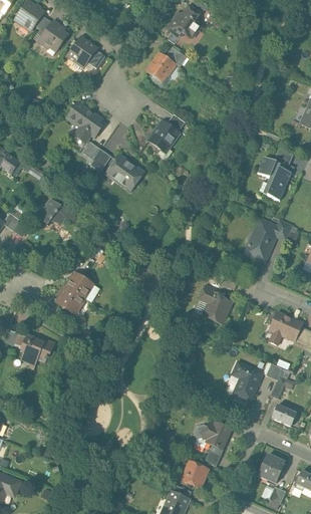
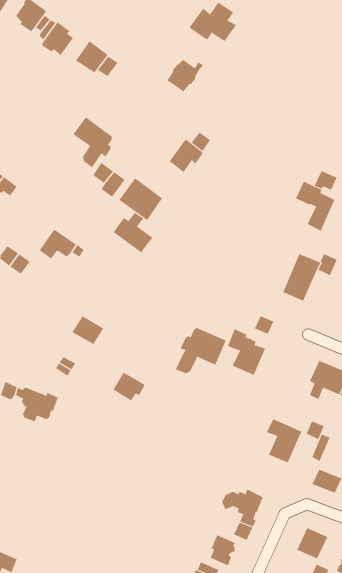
building: none -> [113,212,153,253]
building: none -> [175,327,226,374]
building: [56,286,84,311] -> [113,372,145,401]

